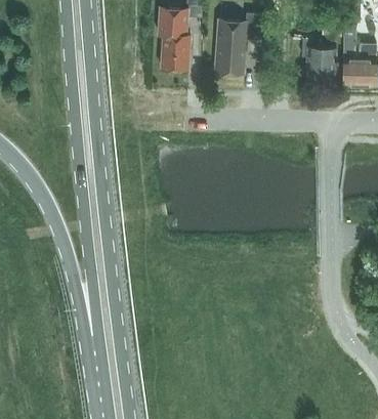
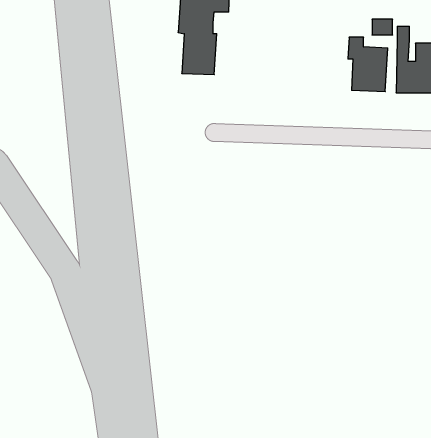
building: [214,12,260,73] -> none

